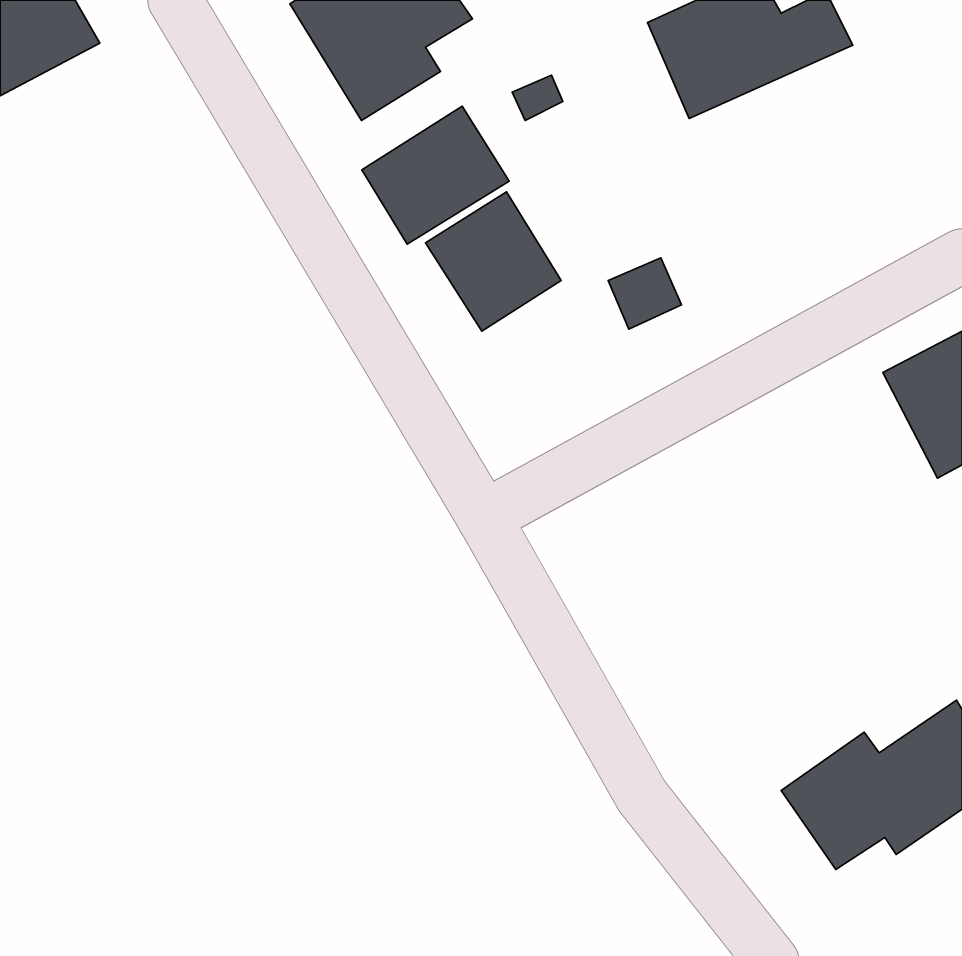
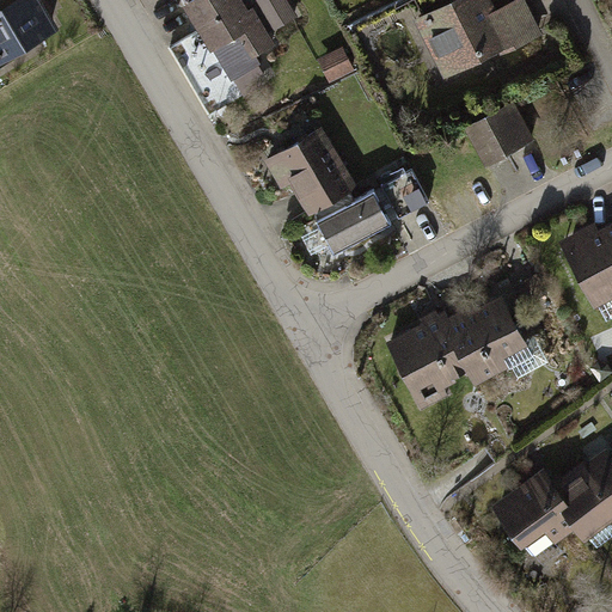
building: [362,106,509,244] -> none
building: none -> [469,106,534,167]
building: none -> [319,186,392,247]
building: none -> [382,292,536,414]

